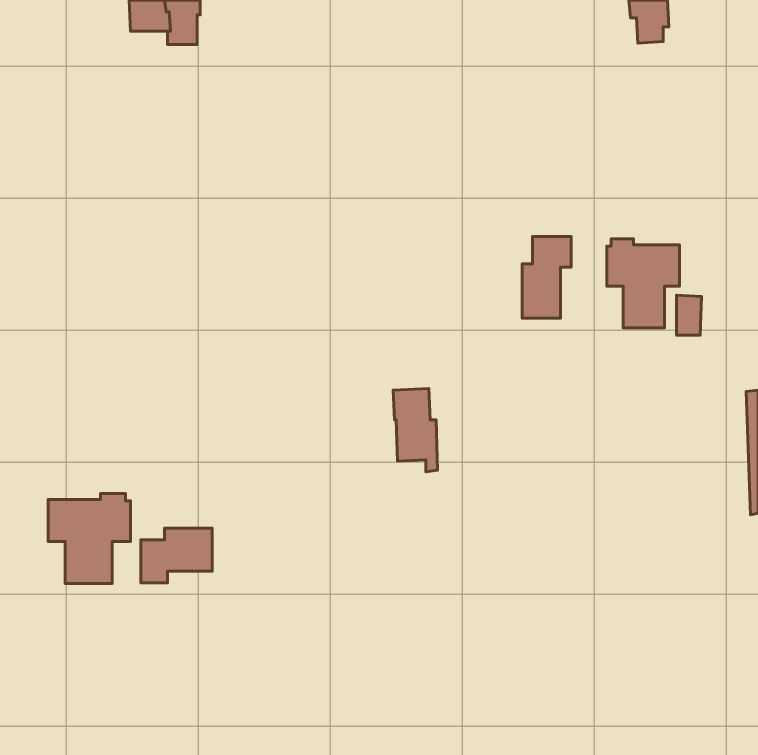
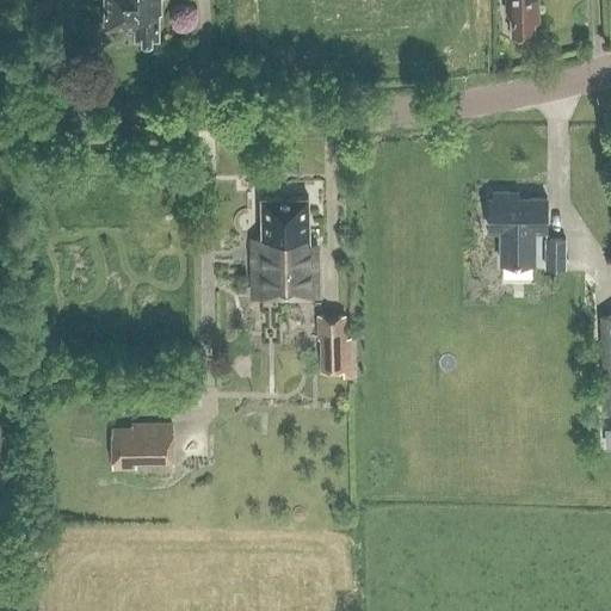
building: [522,237,571,318] -> none
building: none -> [251,199,316,295]
building: [48,493,131,583] -> none

